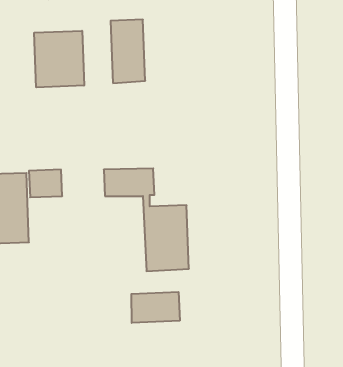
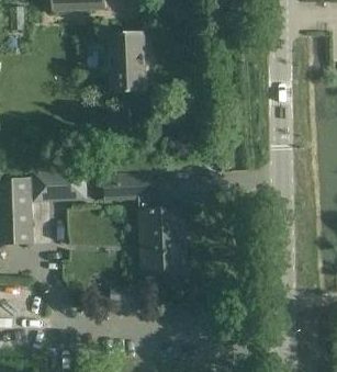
building: [34,31,84,87] -> none
building: [131,292,180,323] -> none

